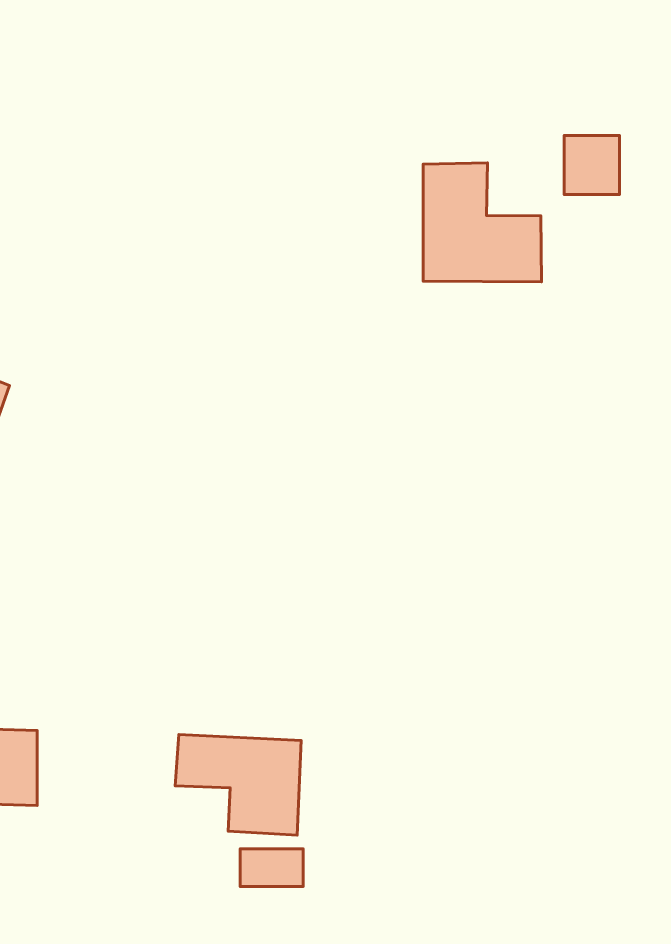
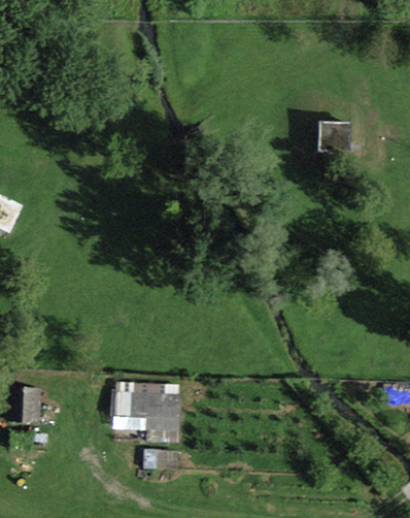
building: [564,135,619,195] -> [318,122,347,153]
building: [423,163,542,282] -> none

